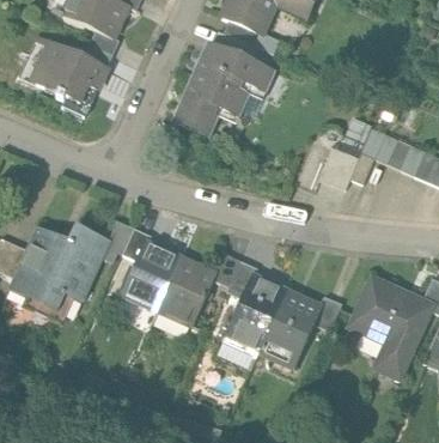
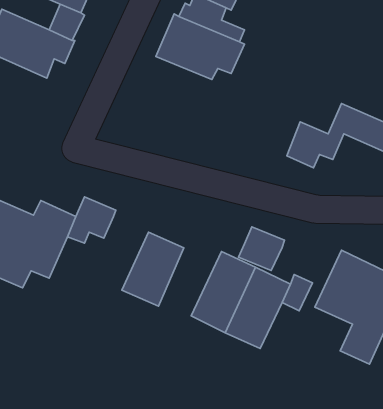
building: [172,80,244,136] -> none
building: [122,238,182,311] -> none
building: [211,253,256,296] -> [238,227,284,271]

